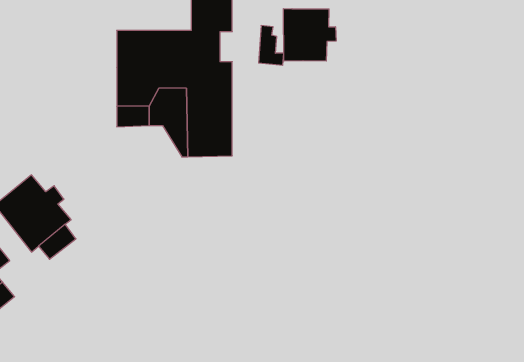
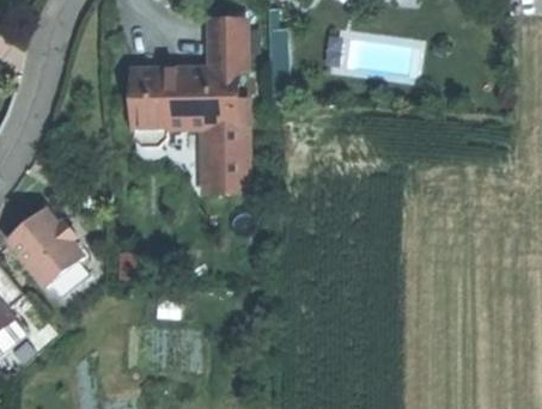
building: [284,9,336,61] -> none

